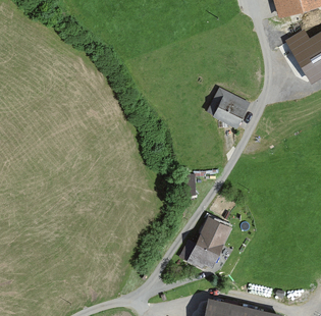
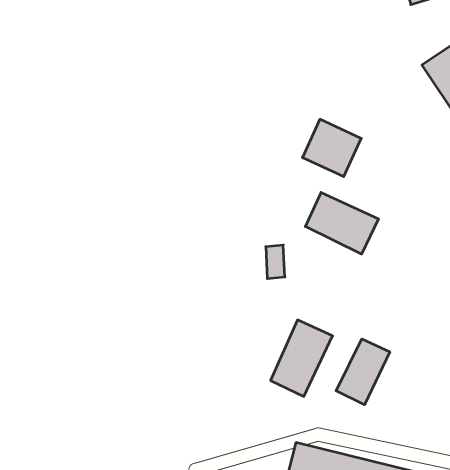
building: none -> [305,192,378,254]
building: none -> [336,339,390,405]

